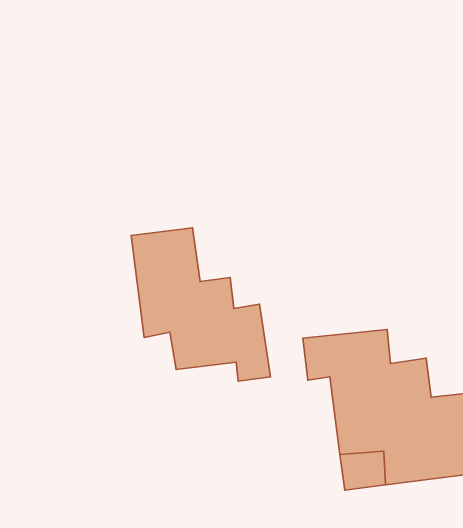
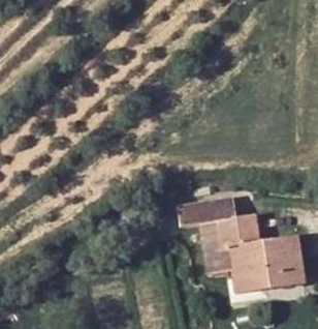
building: [131,228,271,381] -> none

